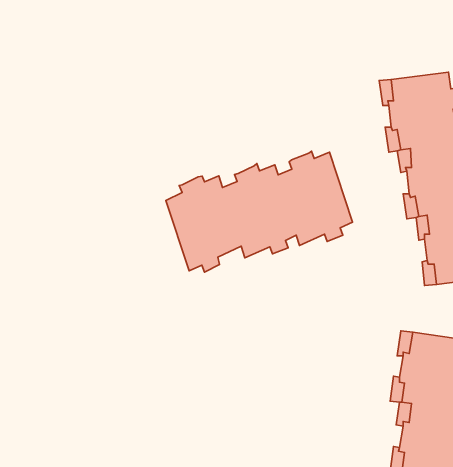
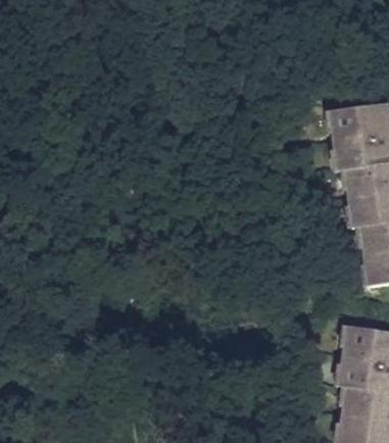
building: [166,151,353,272] -> none

